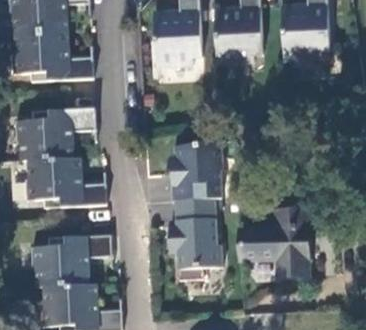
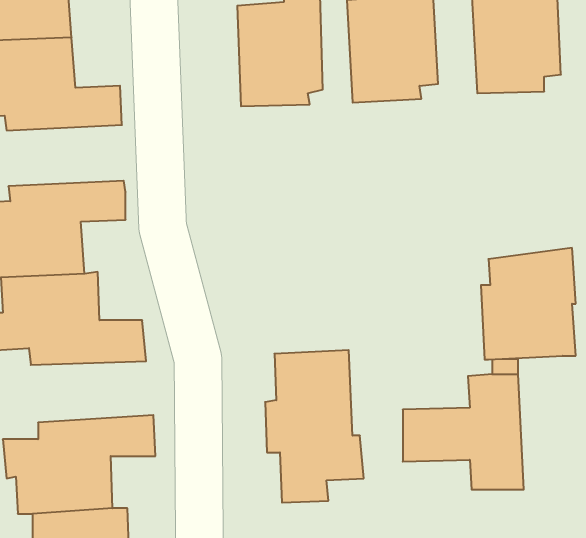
building: [171,141,222,201] -> [481,248,576,360]

